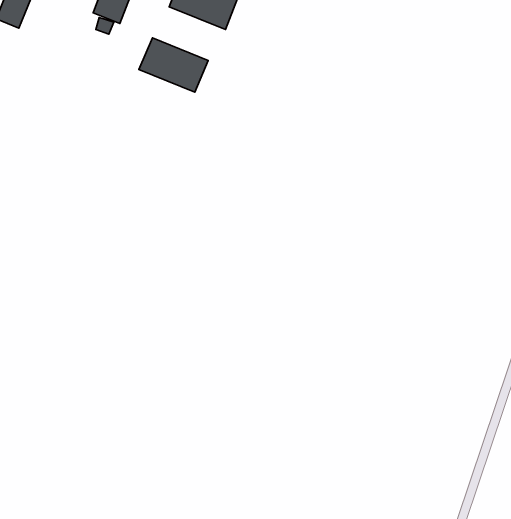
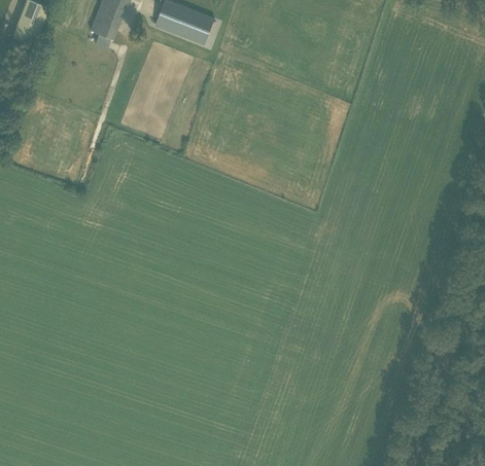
building: [139,38,208,92] -> none

